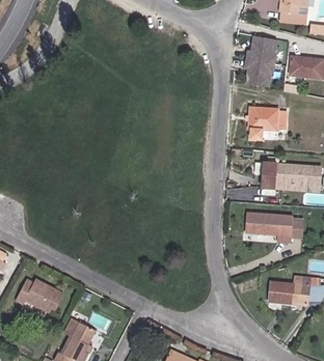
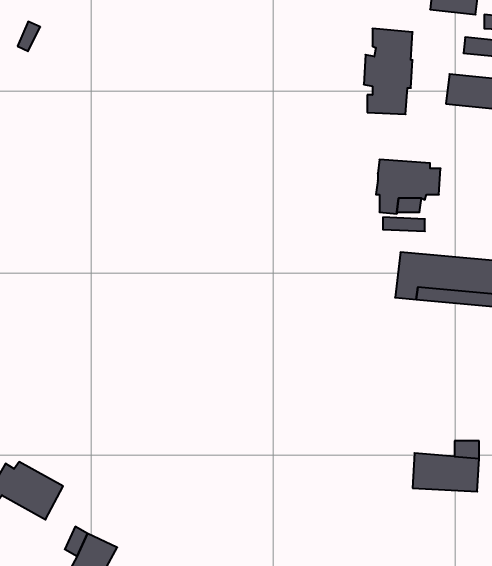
building: [243,211,290,241] -> none

